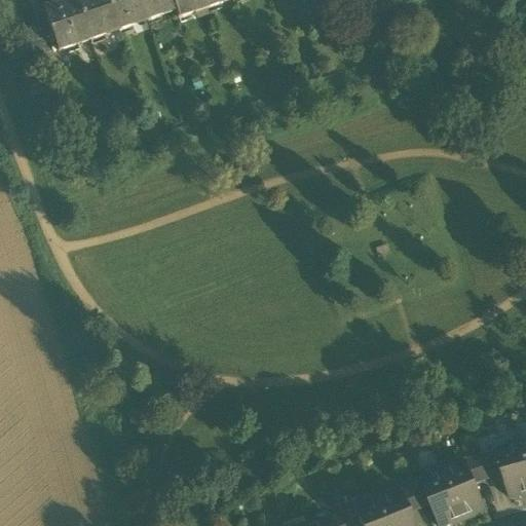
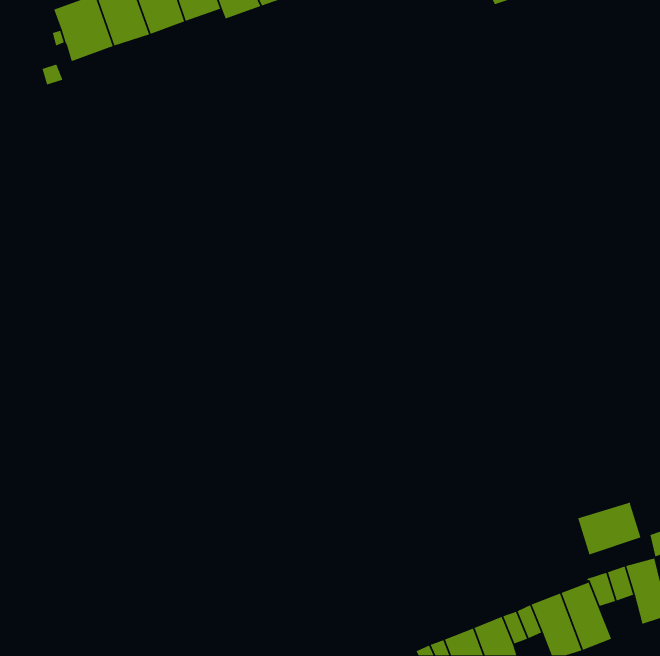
building: none -> [577,502,642,555]

